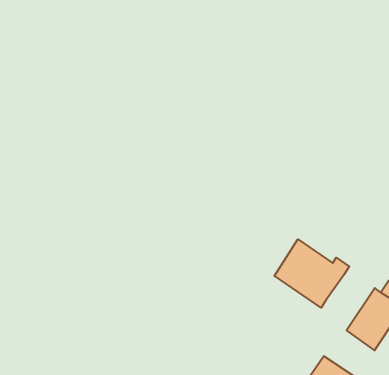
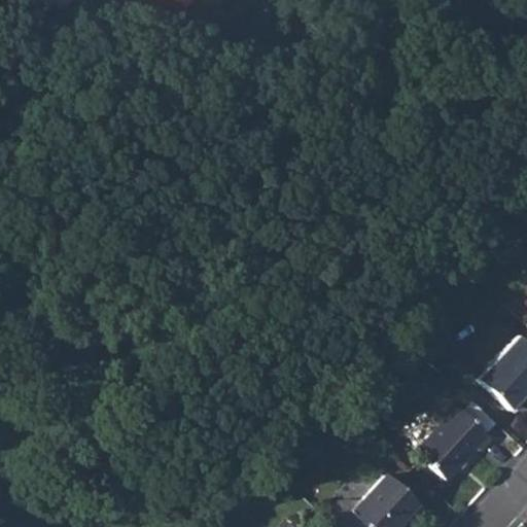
building: [274,239,349,308] -> none

